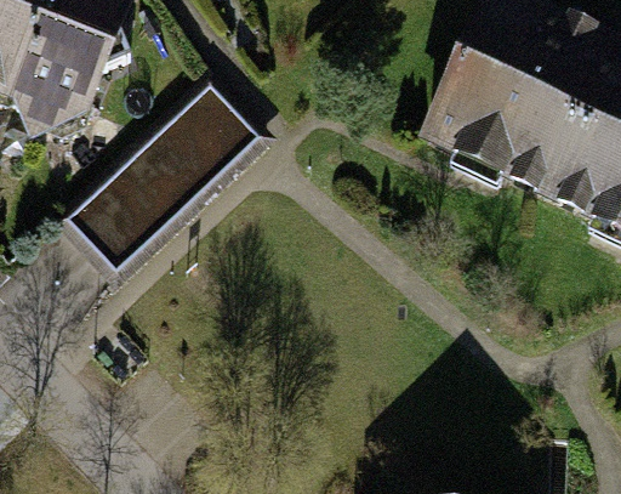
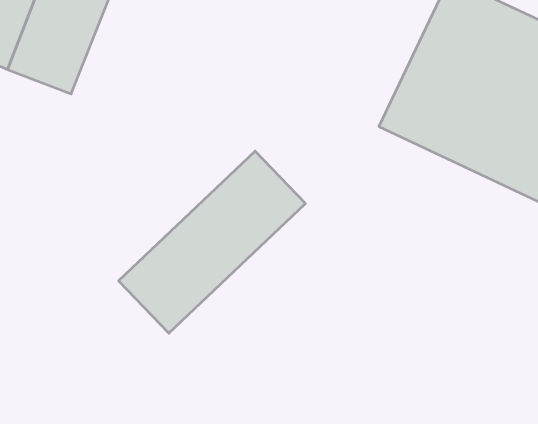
building: [57,76,260,274] -> [119,151,305,333]

